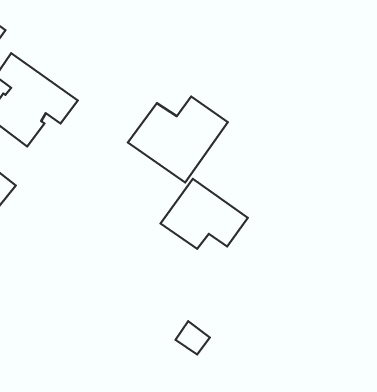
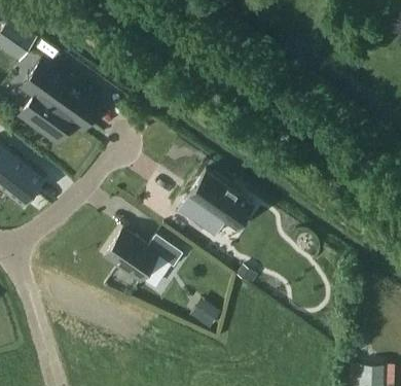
building: [128,97,228,183] -> none
building: none -> [106,229,184,278]

